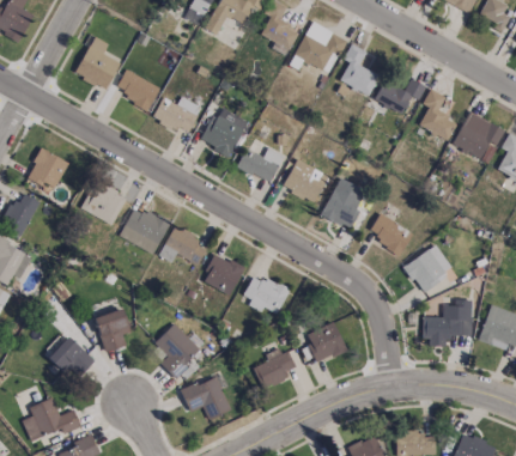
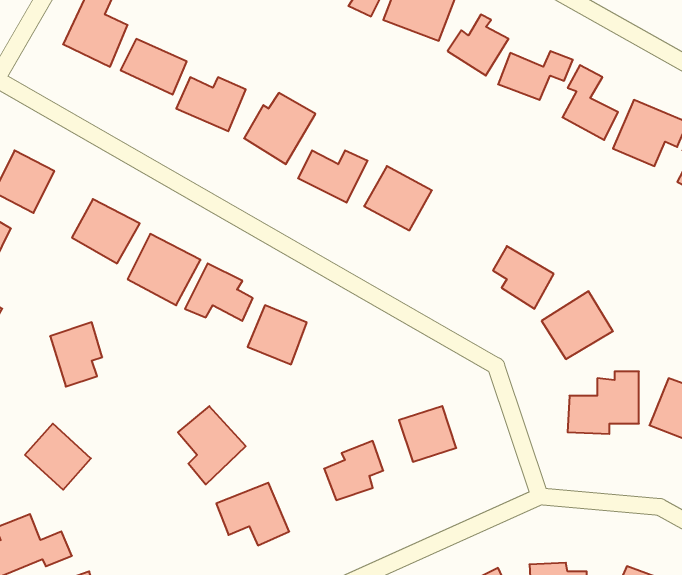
building: [322,187,363,227] -> none
building: [242,276,290,314] -> none
building: [95,308,130,352] -> [50,322,102,387]

